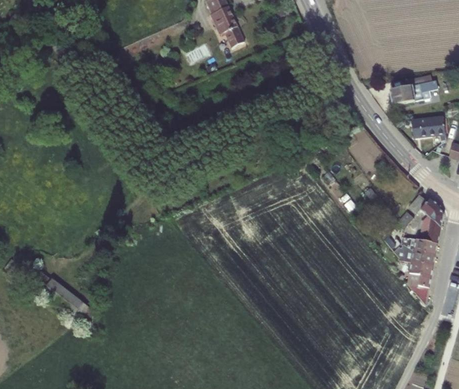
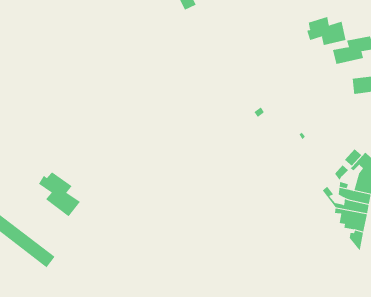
building: none -> [307,16,346,46]
building: none -> [38,172,81,217]

